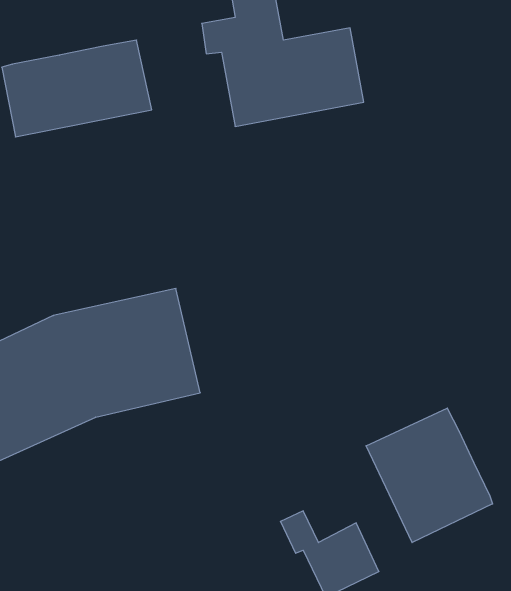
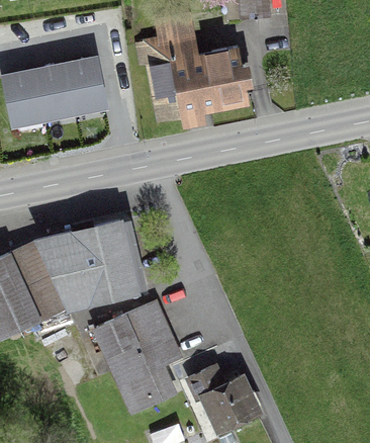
building: [366,408,493,543] -> none
building: none -> [95,303,177,412]

